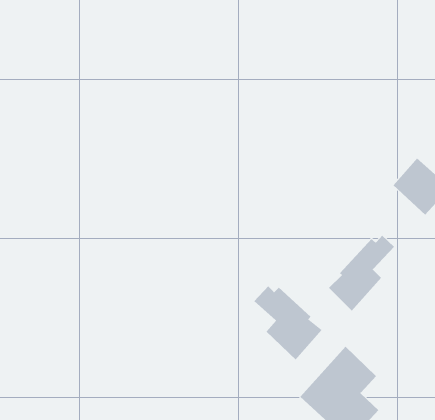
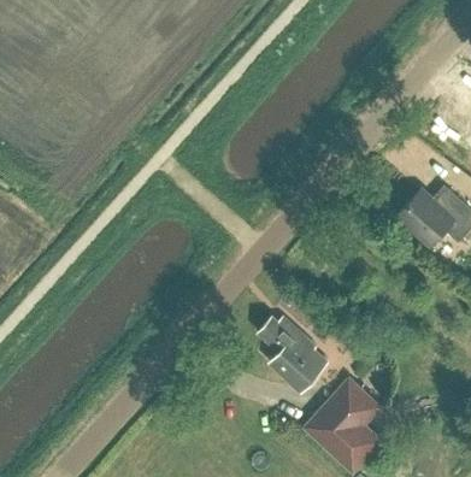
building: [328,235,395,311] -> none

